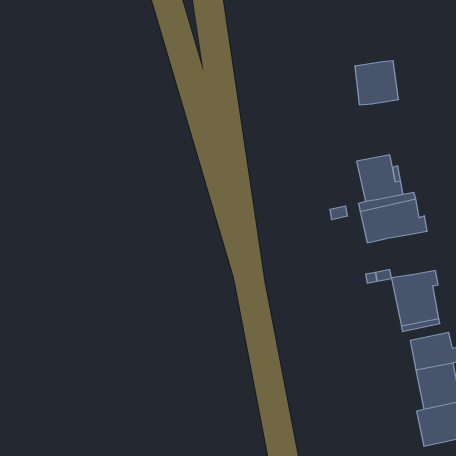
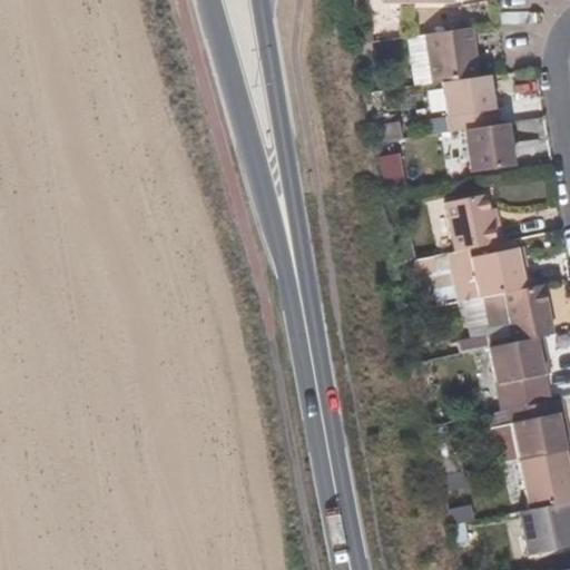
building: none -> [426,27,478,83]
building: none -> [464,124,515,171]
building: none -> [483,284,554,342]

